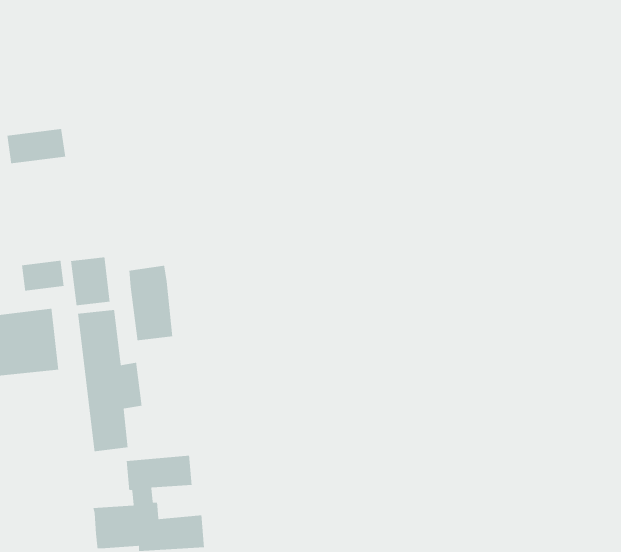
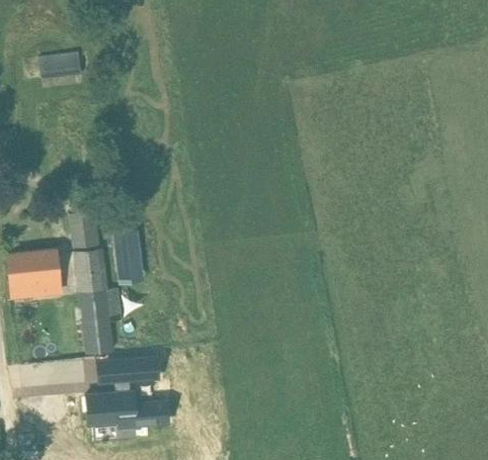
building: [6,128,66,164] -> [37,54,81,80]
building: [21,260,65,291] -> none

